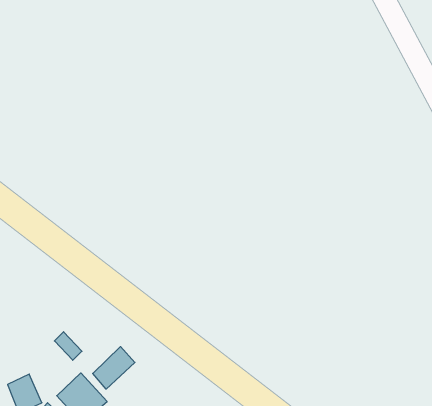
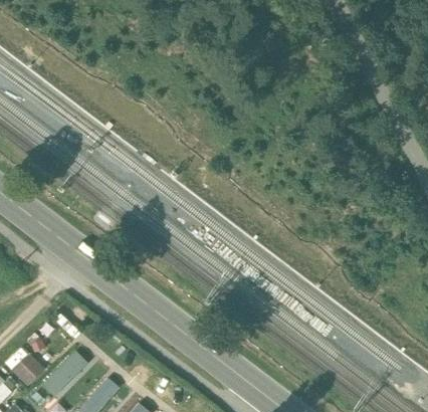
building: [93,347,135,389] -> none

